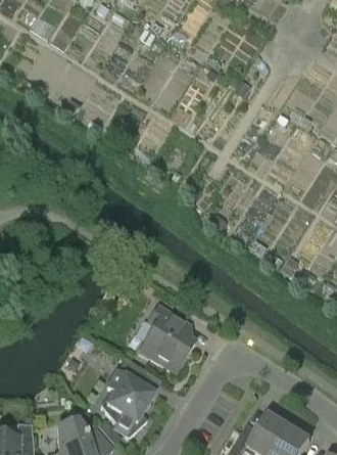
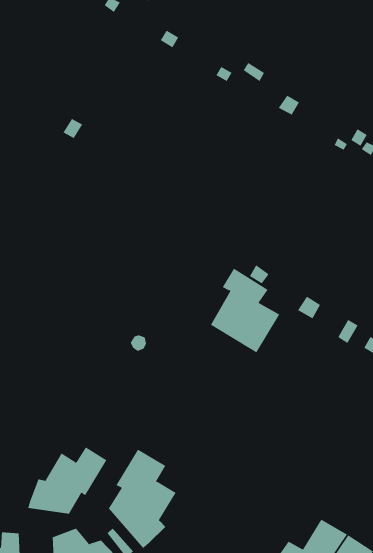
building: [139,307,194,374] -> [210,268,280,353]
building: none -> [28,446,107,515]

